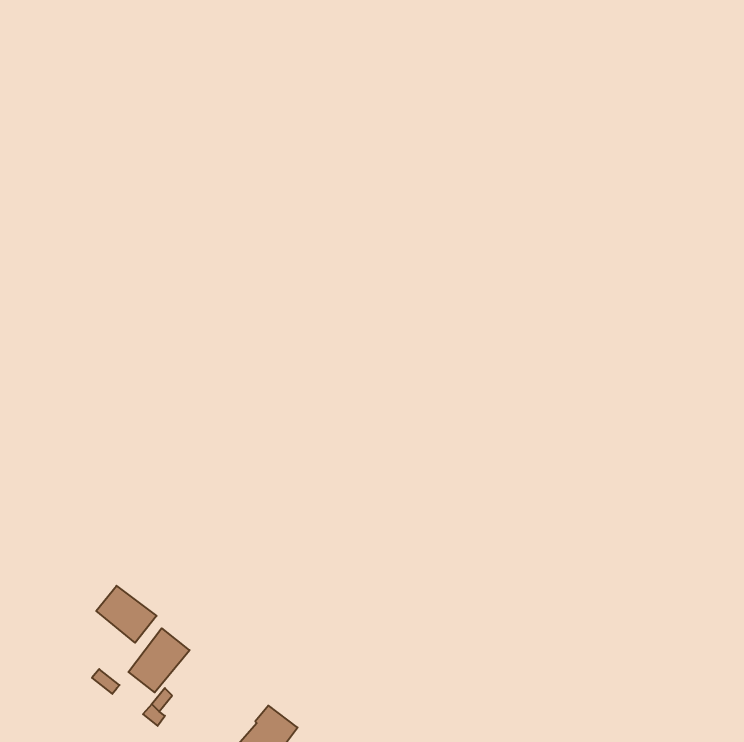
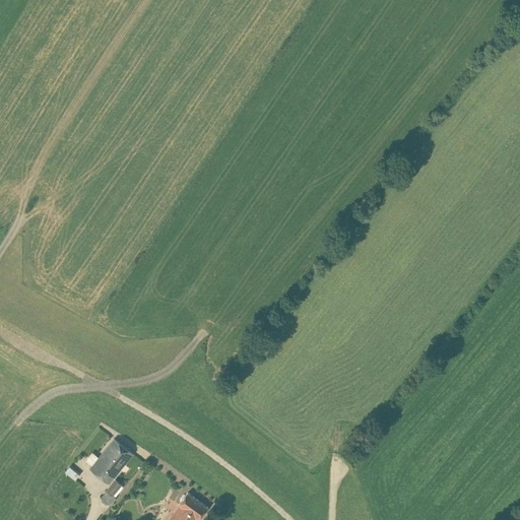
building: [96,586,157,643] -> none

